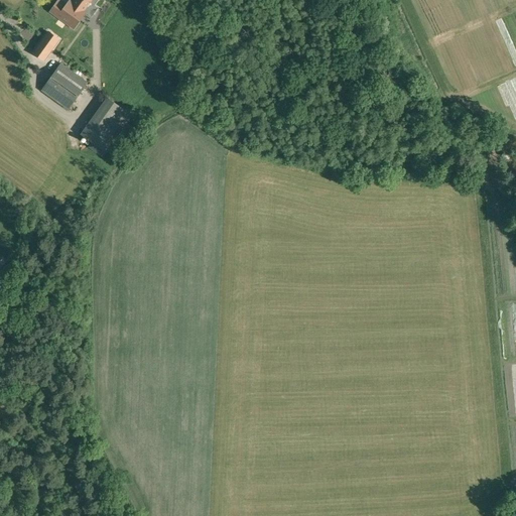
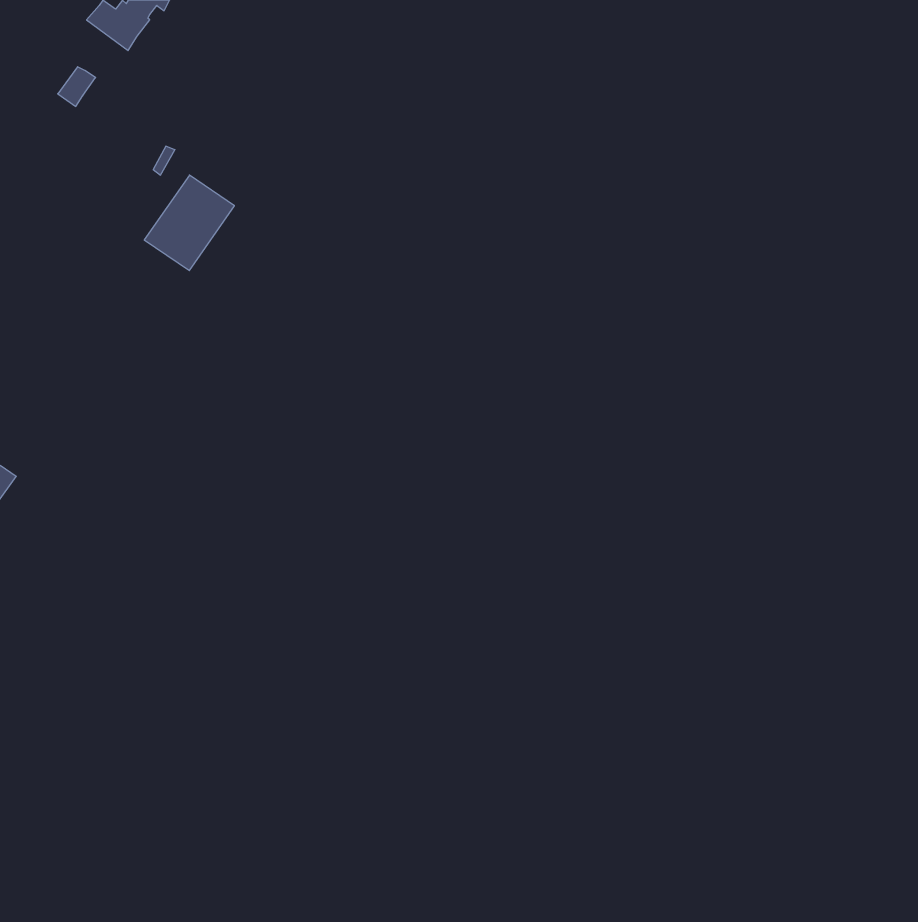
building: [40,64,85,108] -> none

